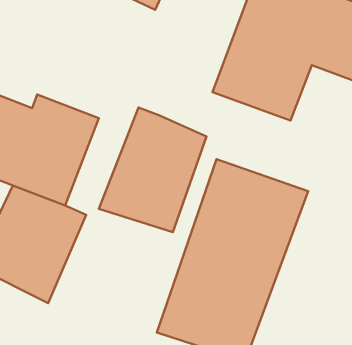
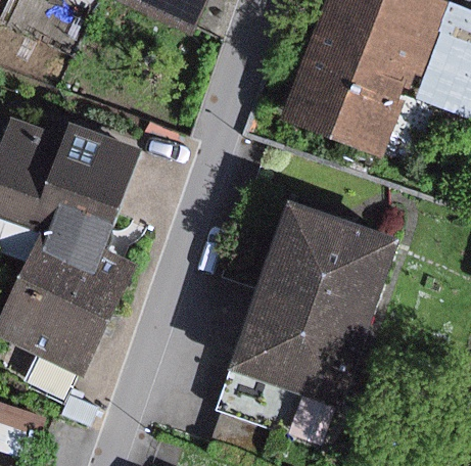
building: [99,107,207,232] -> none

